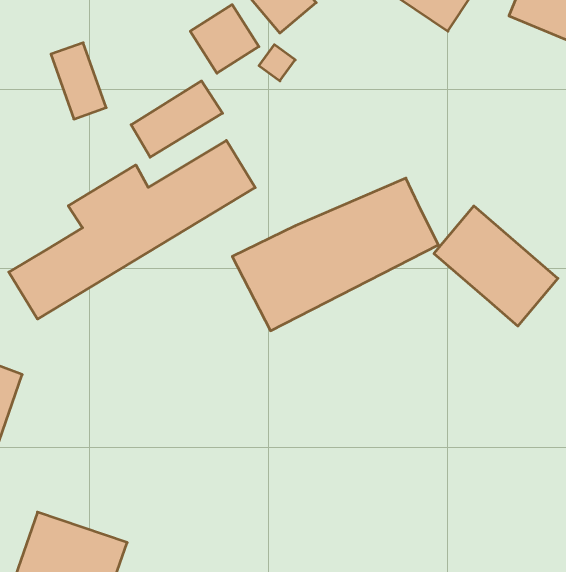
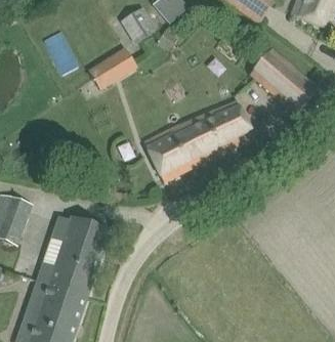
building: [9,140,255,319] -> none
building: [434,206,558,326] -> [249,47,316,112]
building: none -> [38,215,109,295]

